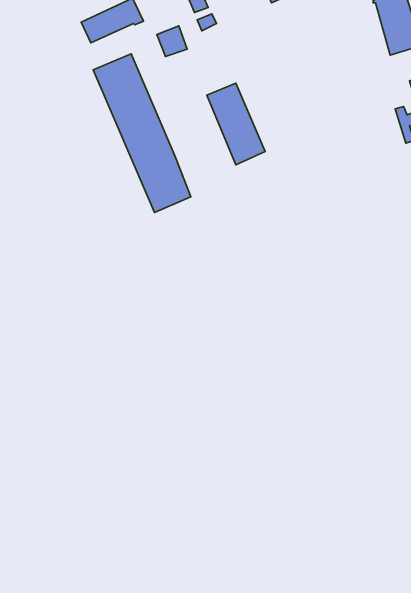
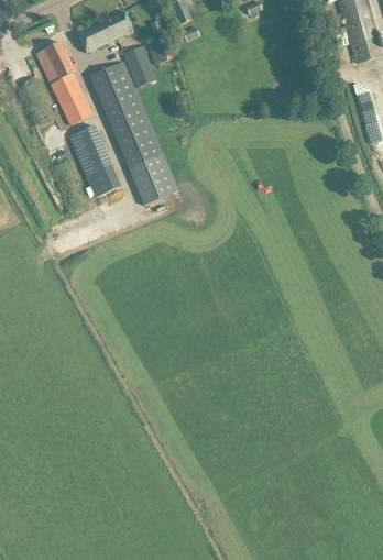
building: none -> [35,41,92,123]
building: none -> [121,43,156,86]
building: [207,83,265,165] -> [67,123,120,197]

